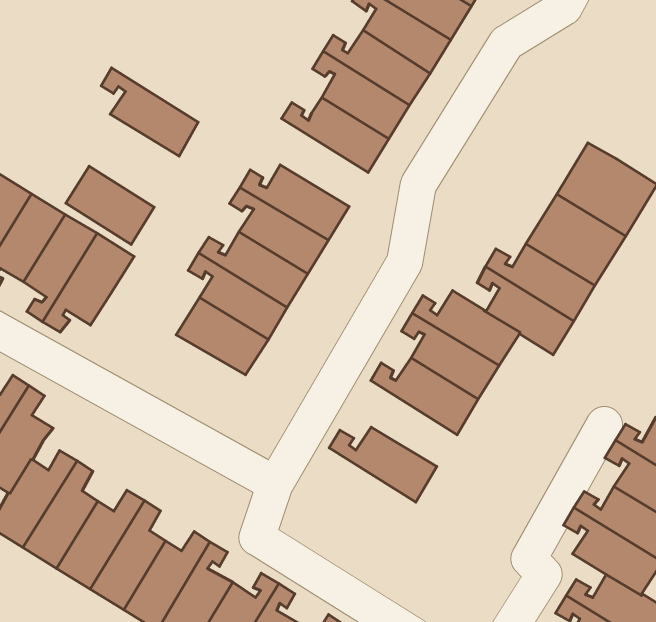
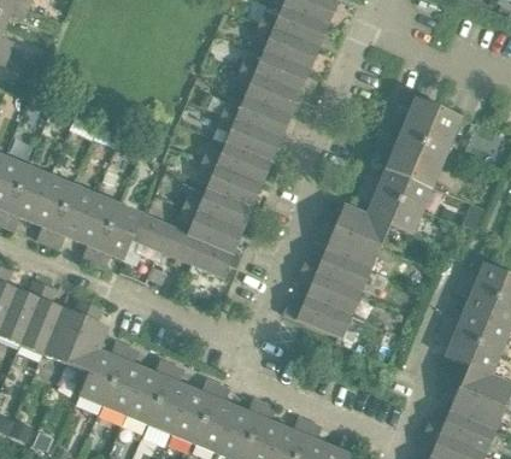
building: [101,68,198,156] -> [217,113,281,161]
building: [66,166,154,244] -> [133,213,188,258]
building: none -> [298,267,362,314]

